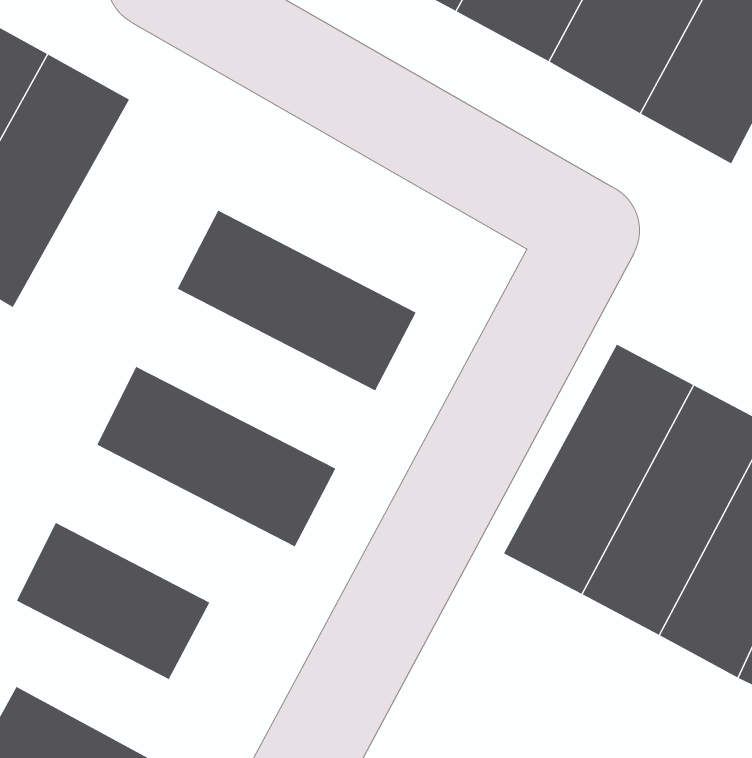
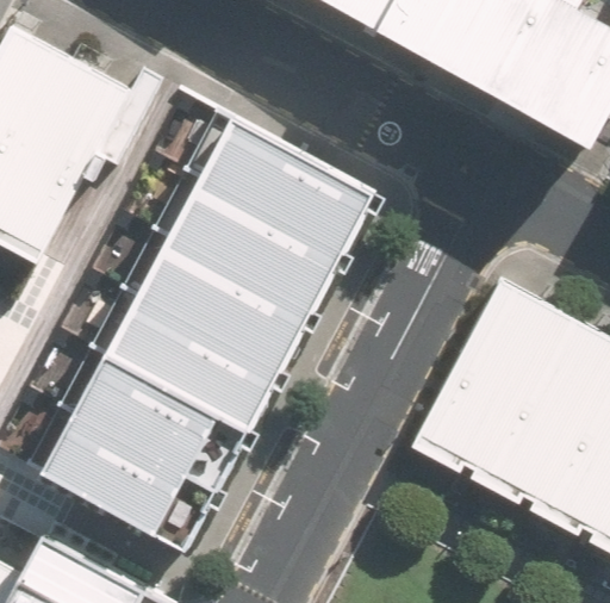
building: none -> [198,119,379,255]
building: none -> [136,237,317,373]
building: none -> [75,355,223,474]

